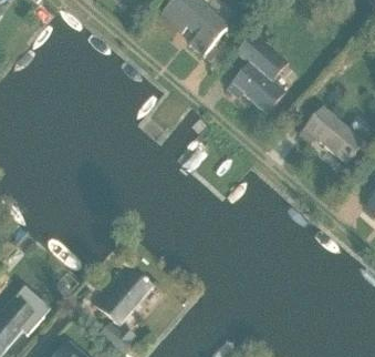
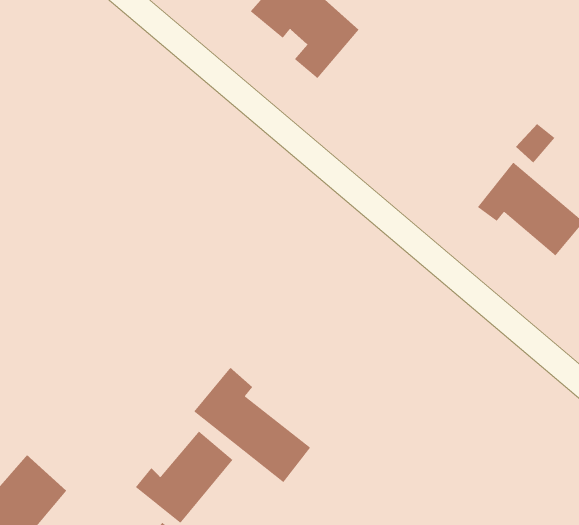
building: [227,31,288,112] -> none
building: none -> [193,367,311,483]

